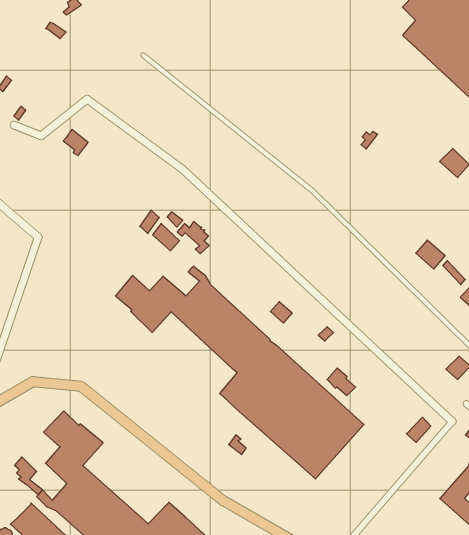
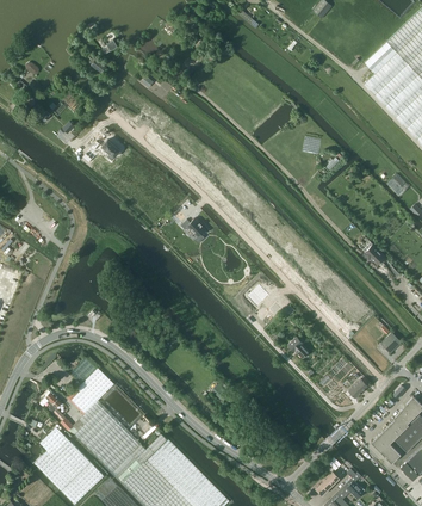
building: [116,266,364,479] -> none

